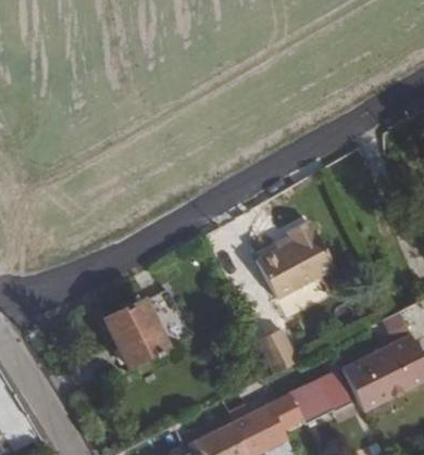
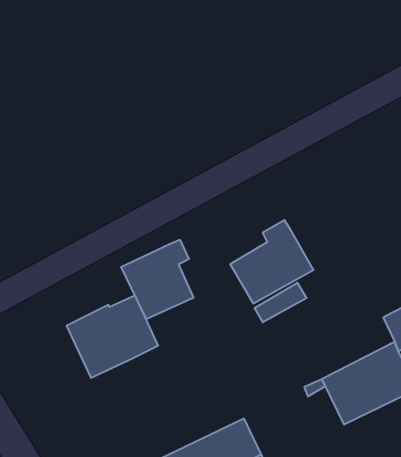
building: none -> [121,240,193,319]
building: [255,327,297,371] -> none
building: [267,379,334,430] -> none

